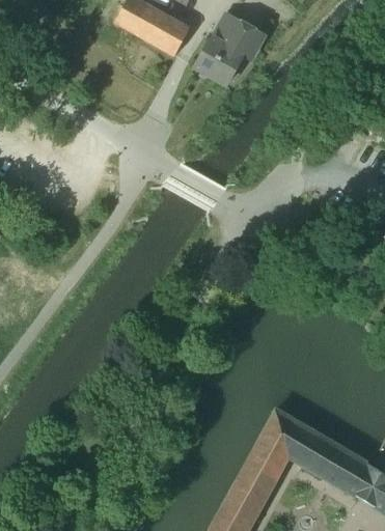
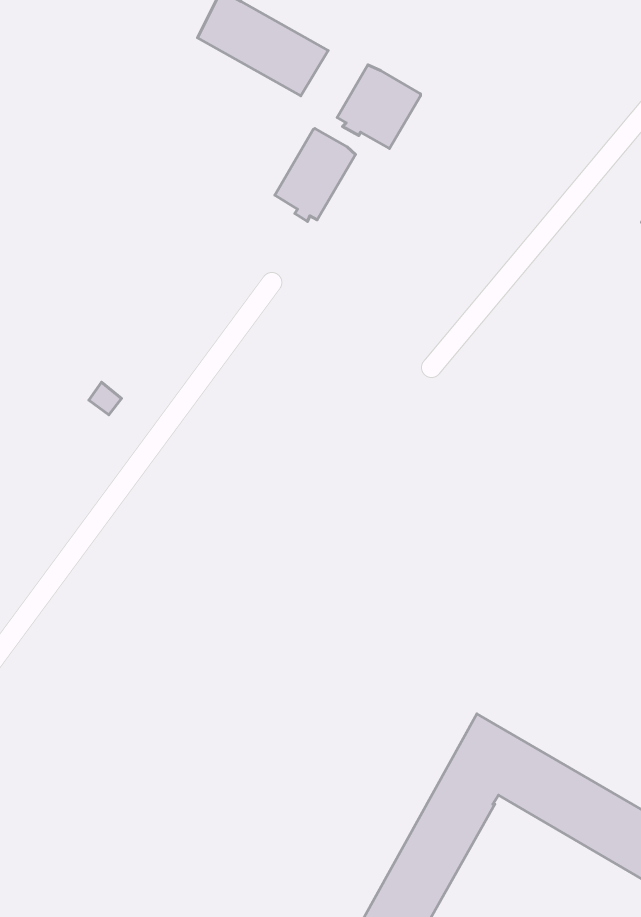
building: [221,19,265,59] -> none
building: none -> [275,128,356,222]

